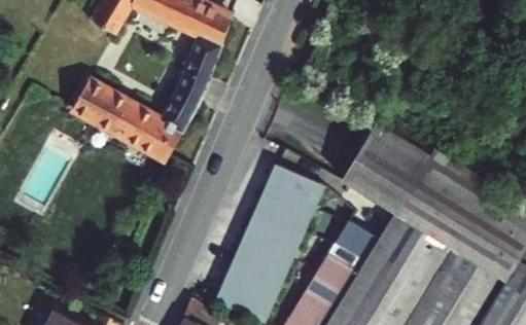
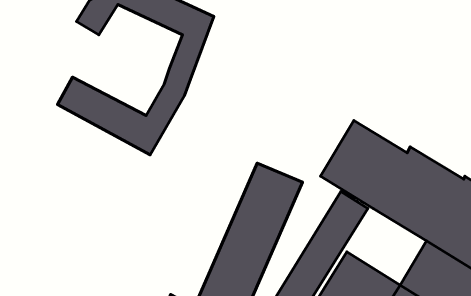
building: [366,214,448,292] -> none

